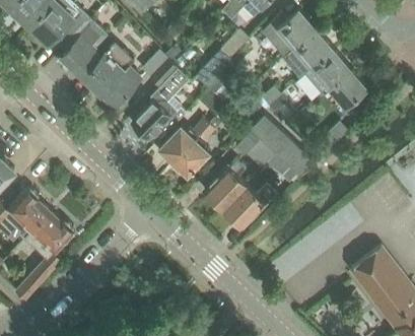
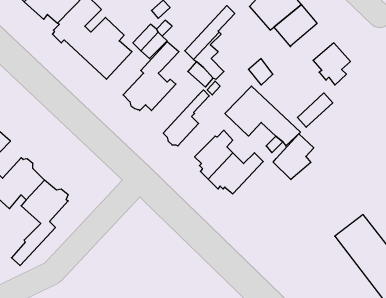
building: [304,50,349,93] -> none
building: [157,119,209,163] -> none
building: none -> [273,134,314,180]

